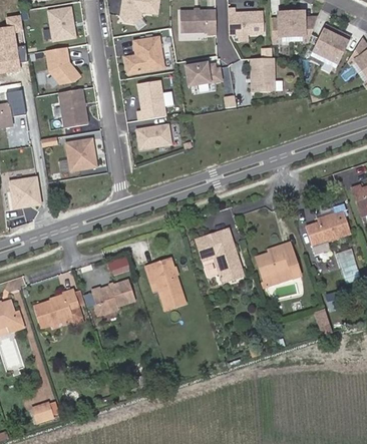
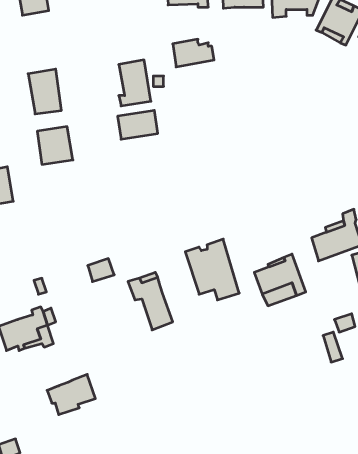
building: [125,34,163,70] -> none
building: [45,44,80,81] -> none
building: [250,54,274,89] -> none
building: [91,281,133,316] -> [47,374,95,415]

